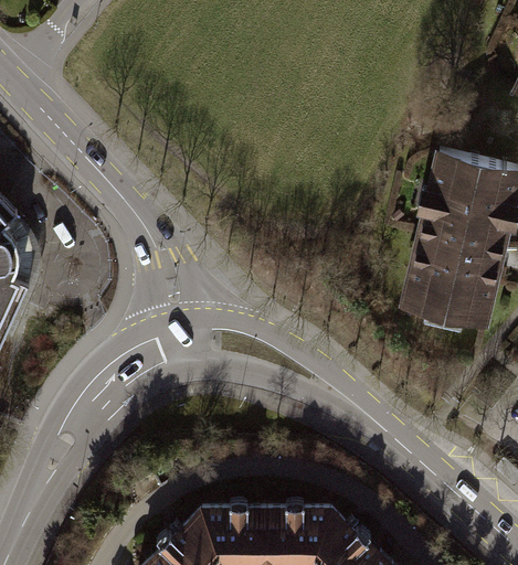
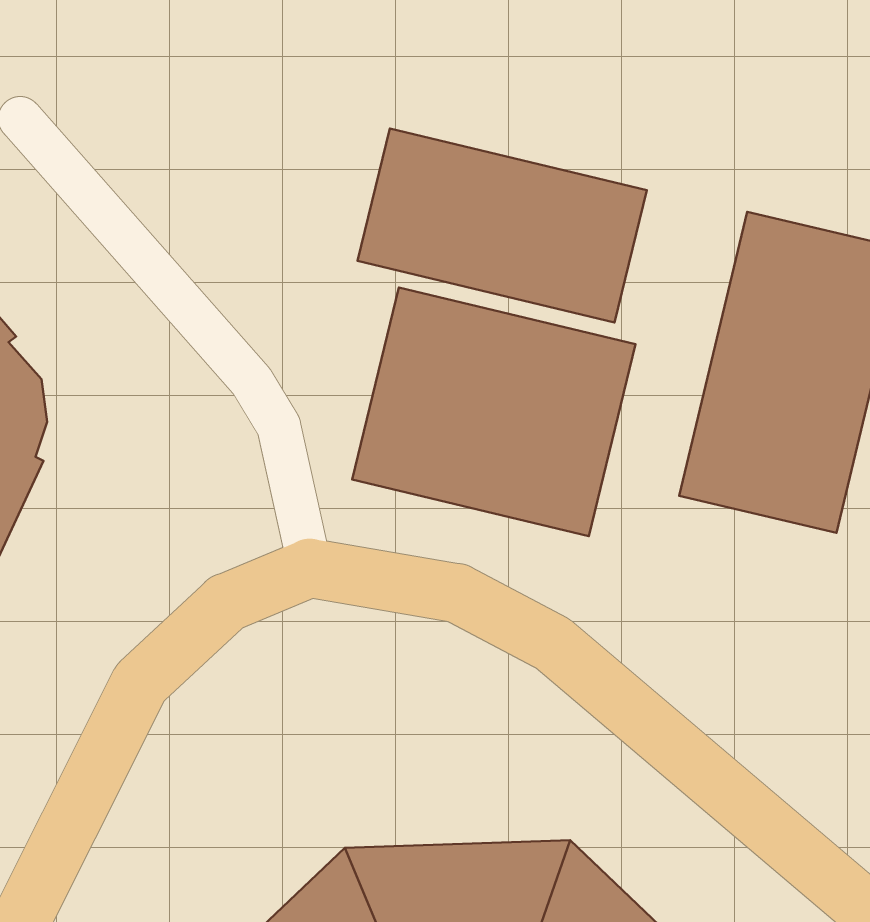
building: none -> [357,129,647,322]
building: none -> [352,288,636,536]

